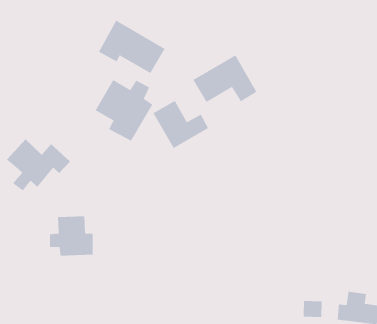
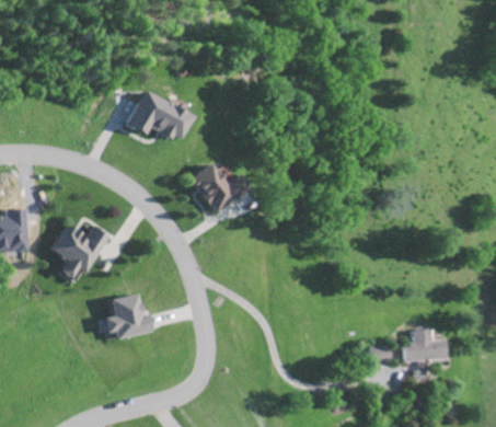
building: [193,54,257,103] -> none
building: [95,79,153,142] -> none

